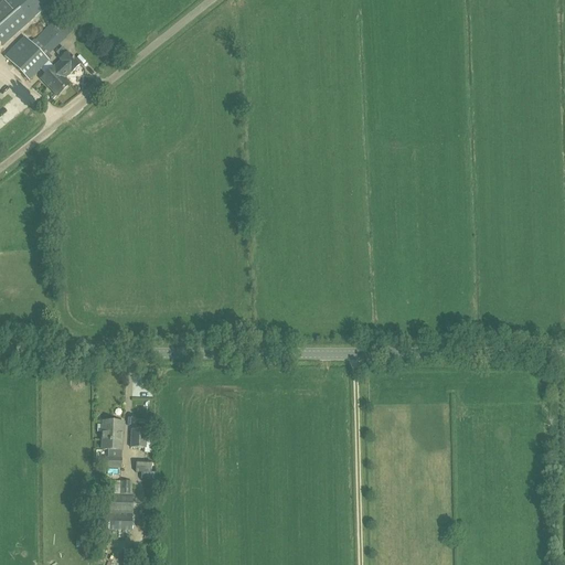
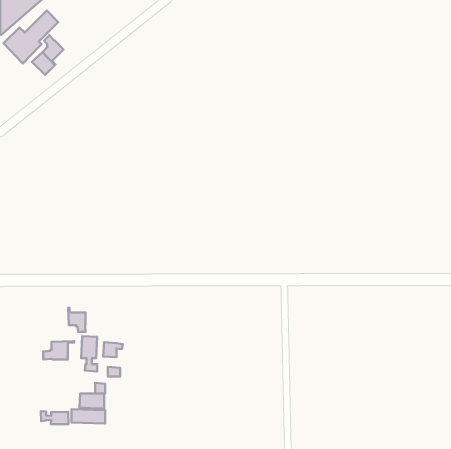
building: none -> [68,308,86,332]
building: none -> [43,341,74,359]
building: none -> [41,411,69,424]

